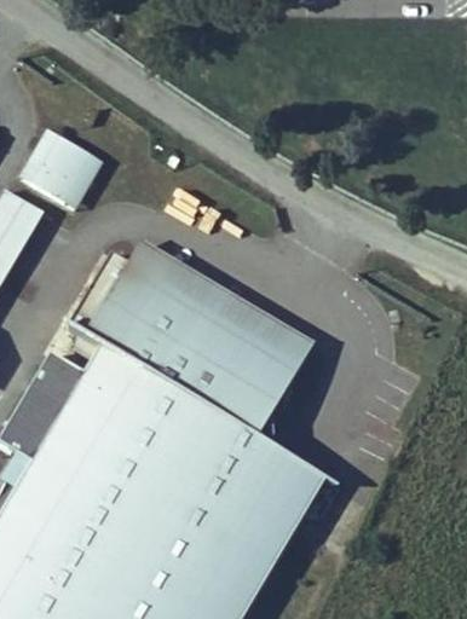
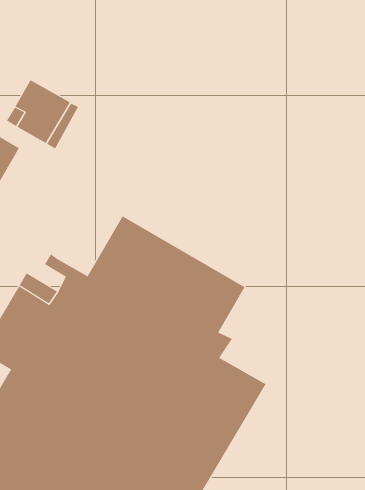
building: [88,241,318,366] -> none

